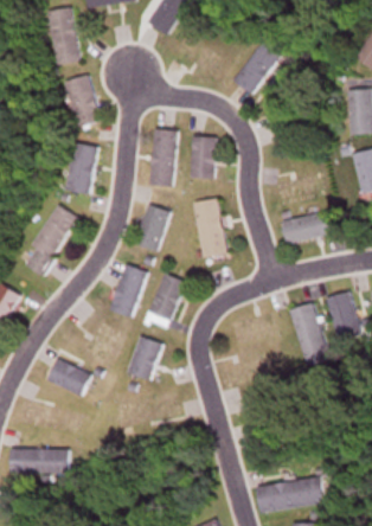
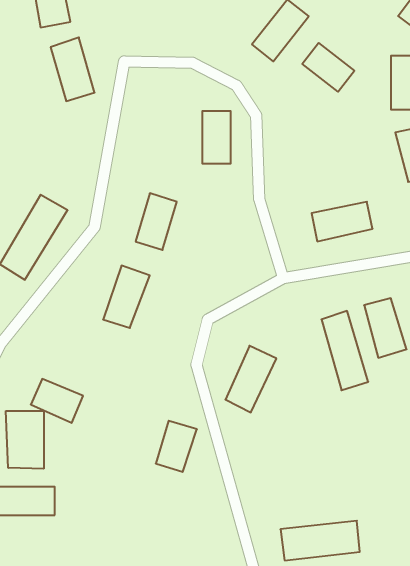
building: none -> [302,43,354,92]
building: [149,128,177,186] -> none
building: [66,142,97,193] -> none
building: [195,198,226,257] -> none
building: [145,272,187,328] -> [225,346,276,412]
building: [128,336,162,379] -> [156,421,197,472]
building: none -> [6,411,44,469]

